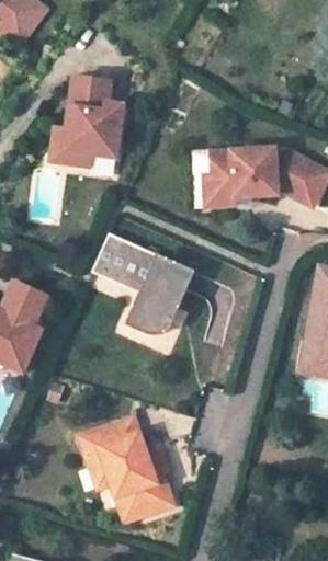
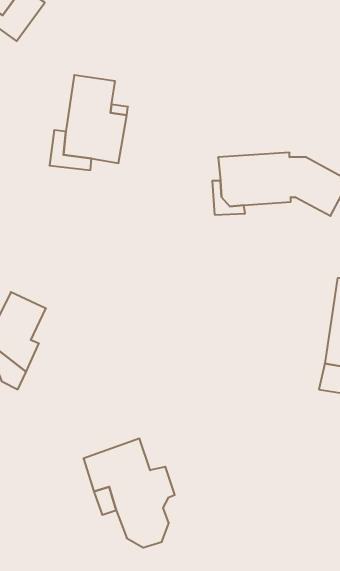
building: [94,232,194,332] -> none

